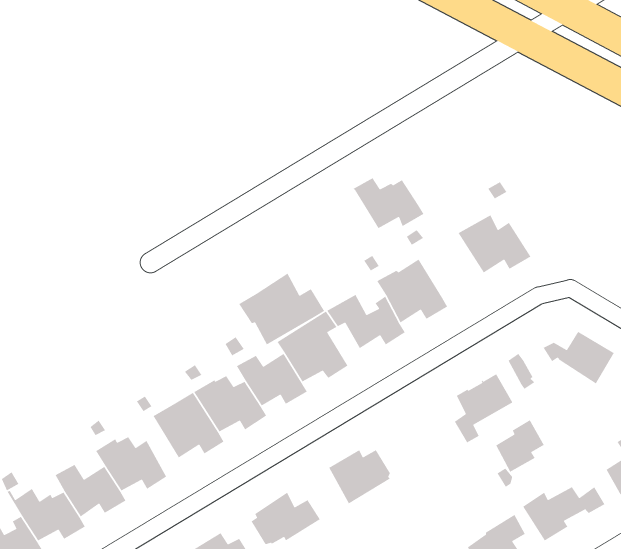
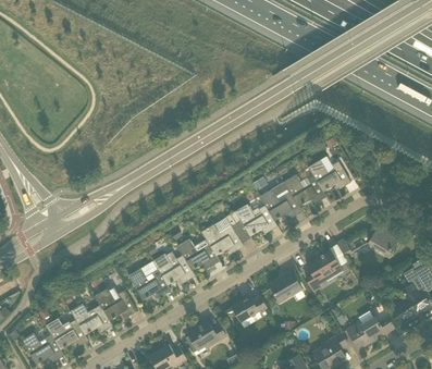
building: [352,177,424,229] -> [284,175,326,206]
building: [238,272,325,345] -> none
building: [495,419,545,473] -> [271,271,300,303]

